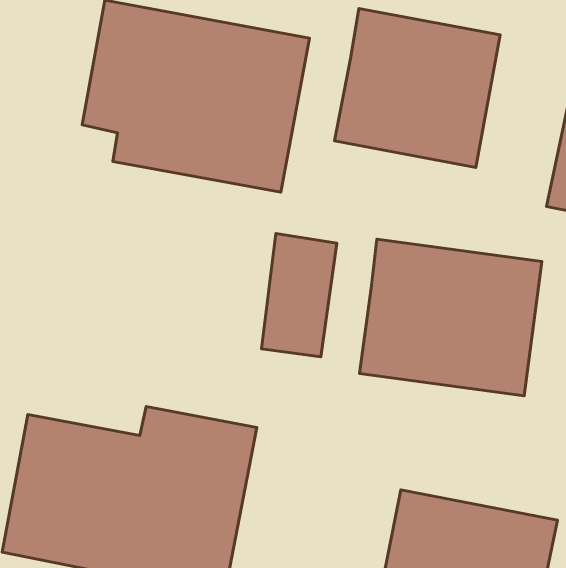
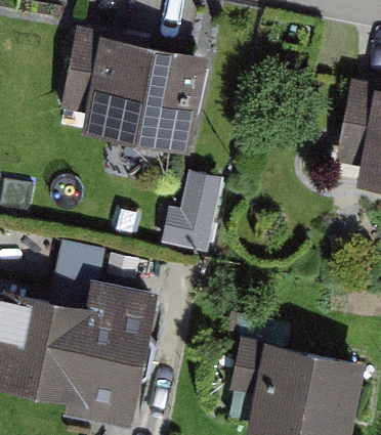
building: [335,8,500,167] -> none
building: [359,239,542,396] -> none

